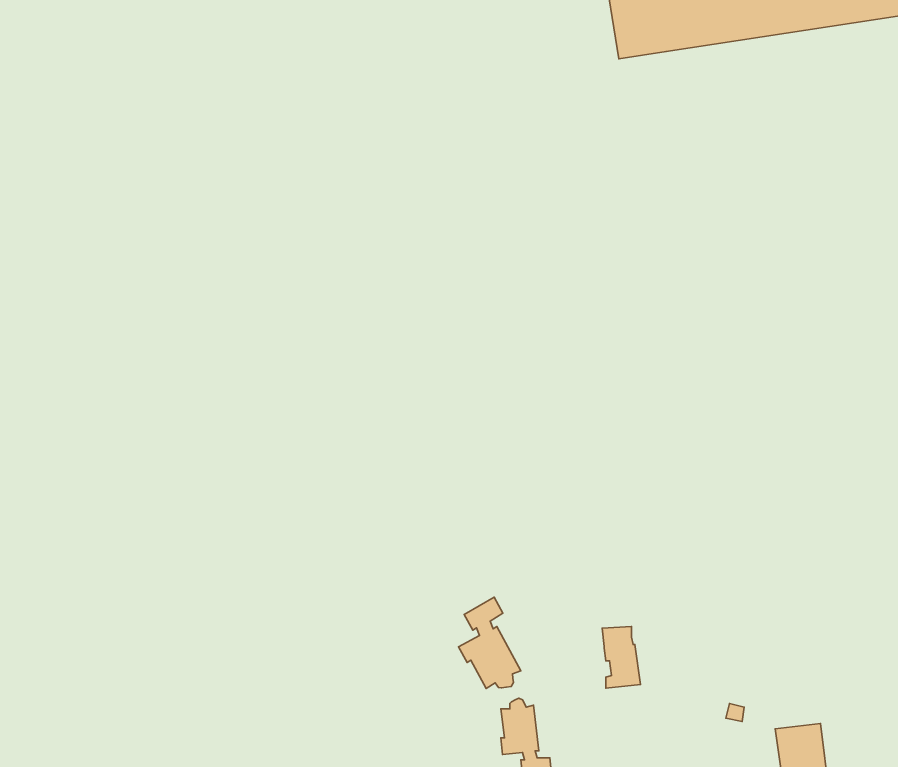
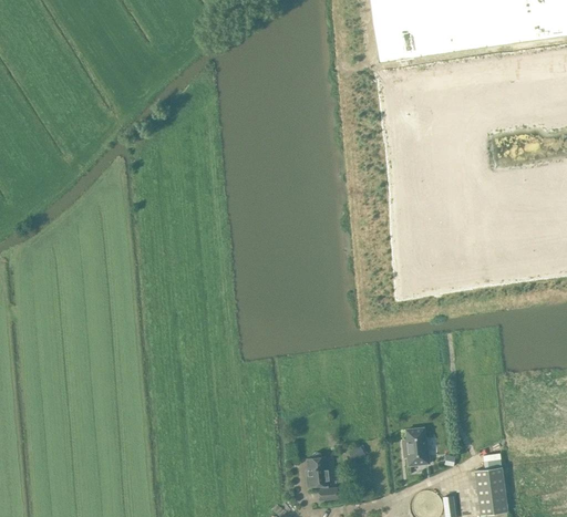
building: [459,597,521,689] -> none
building: [602,626,640,688] -> [406,426,430,464]

